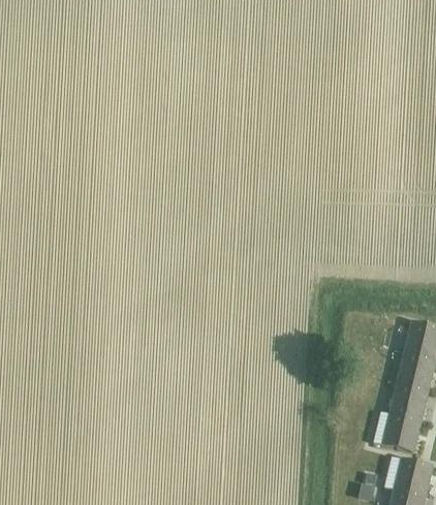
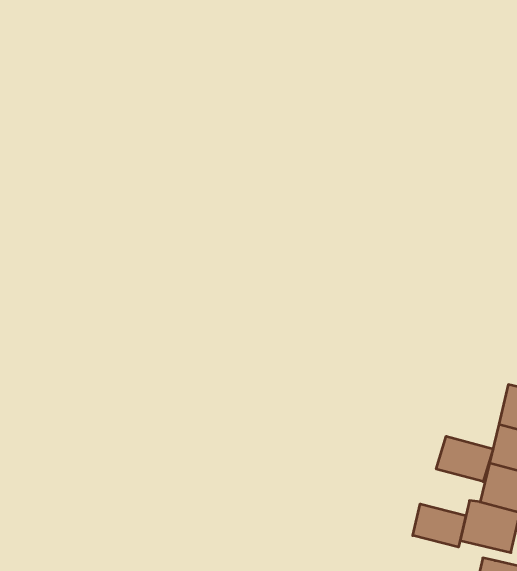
building: none -> [436,436,493,482]
building: none -> [413,504,466,547]

